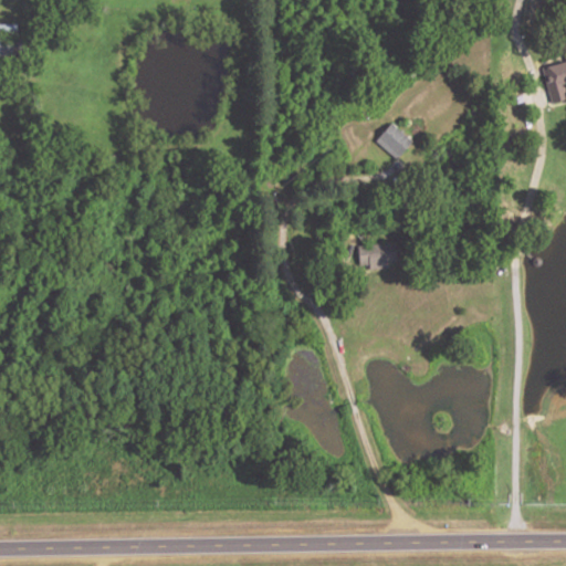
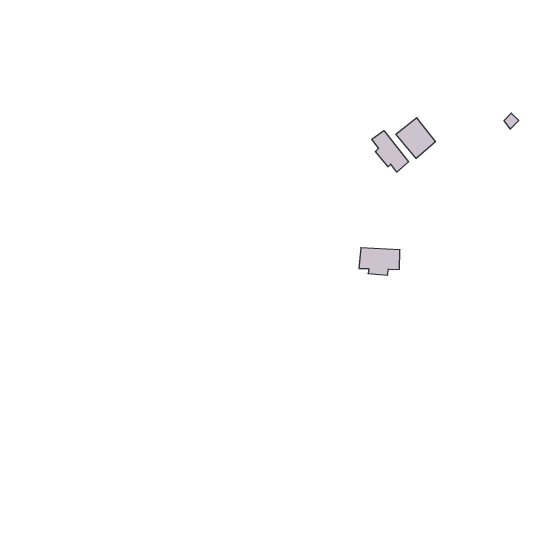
building: none -> [372,131,409,172]

